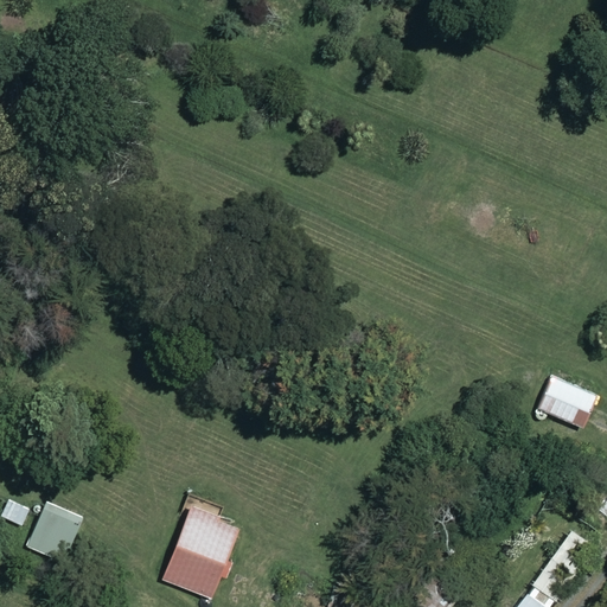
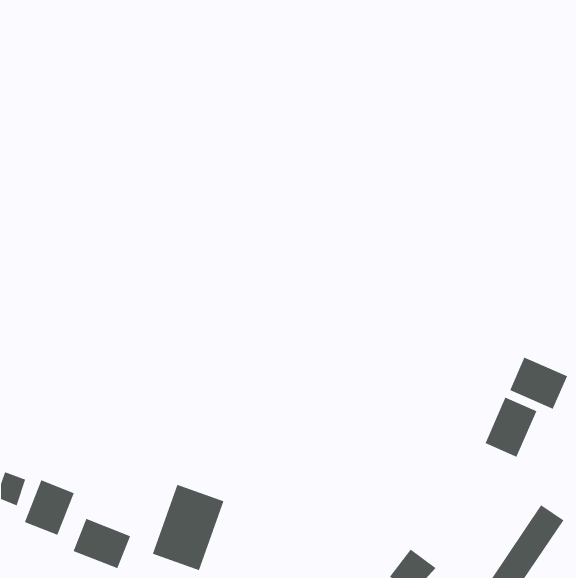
building: none -> [484,397,537,458]
building: none -> [72,518,131,569]

